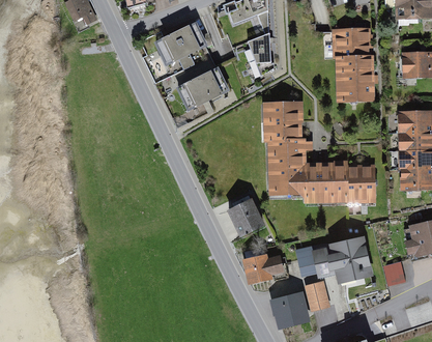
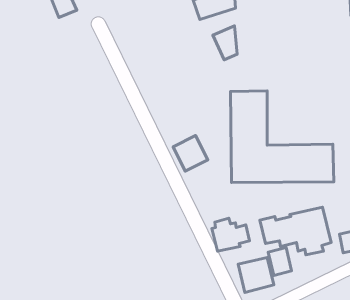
building: [153,27,202,66] -> none
building: [334,31,375,106] -> none
building: [180,66,228,106] -> none
building: [227,196,265,235] -> [173,135,208,171]

